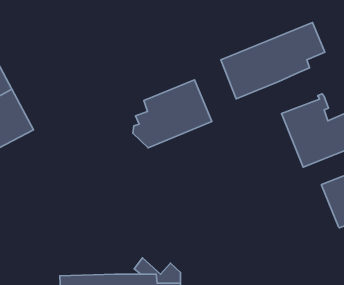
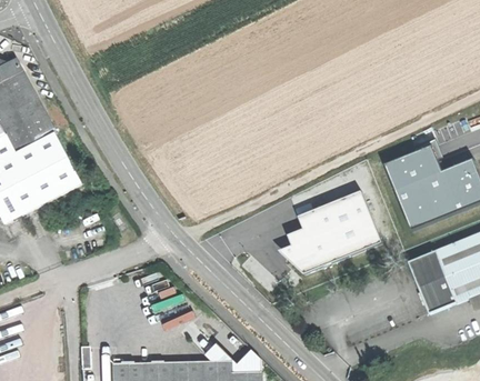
building: [221,22,325,99] -> none
building: [133,80,212,148] -> [284,190,381,273]
building: none -> [409,251,454,312]

